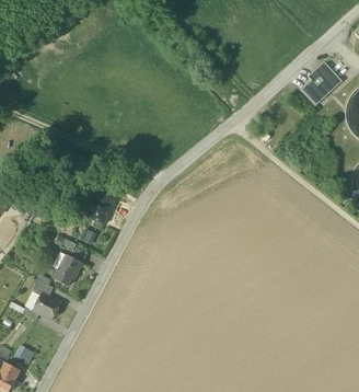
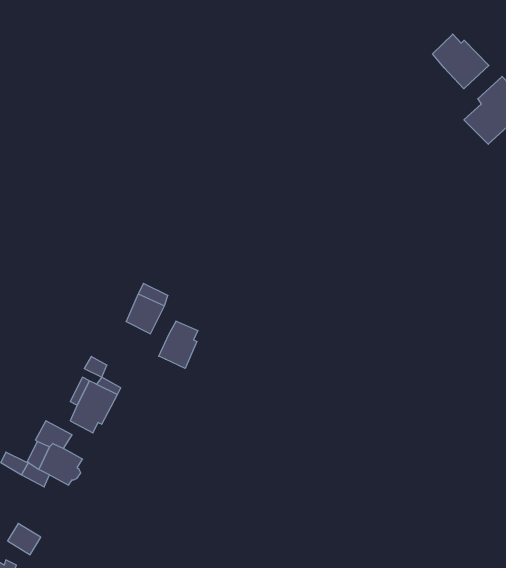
building: none -> [433,34,489,89]
building: none -> [159,321,198,368]

